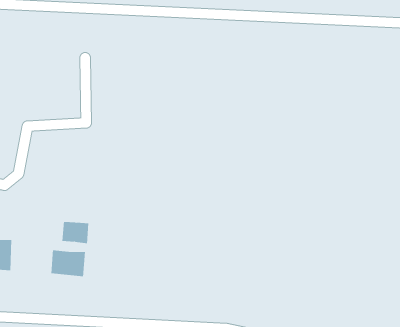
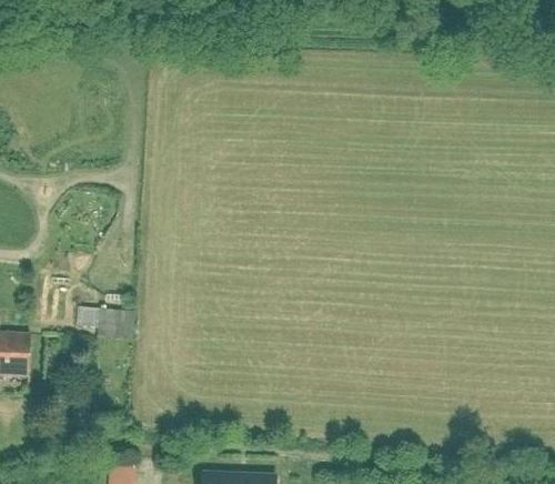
building: [51,249,85,277] -> none

